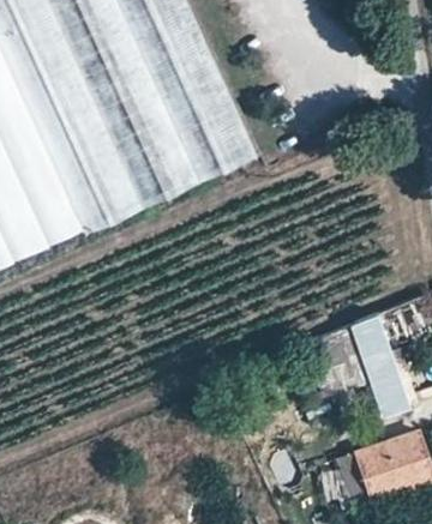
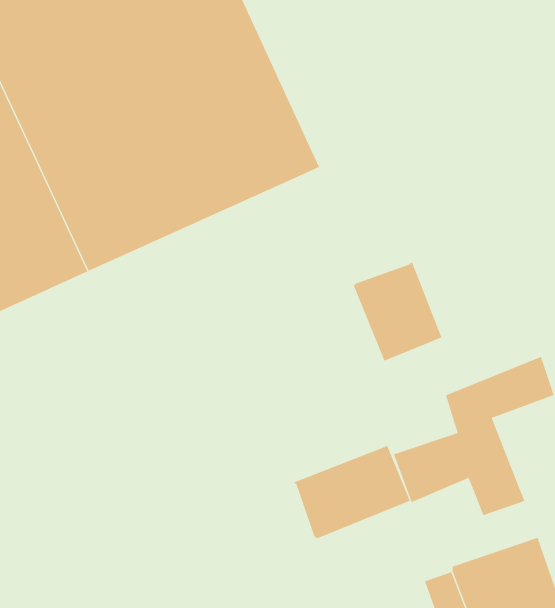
building: none -> [353,261,442,362]
building: none -> [293,445,410,539]

